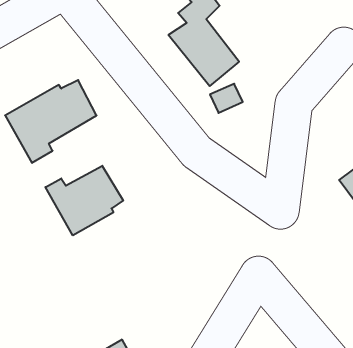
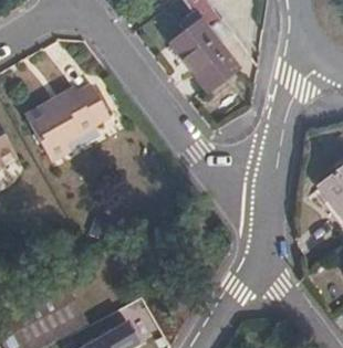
building: [45,166,123,235] -> none

